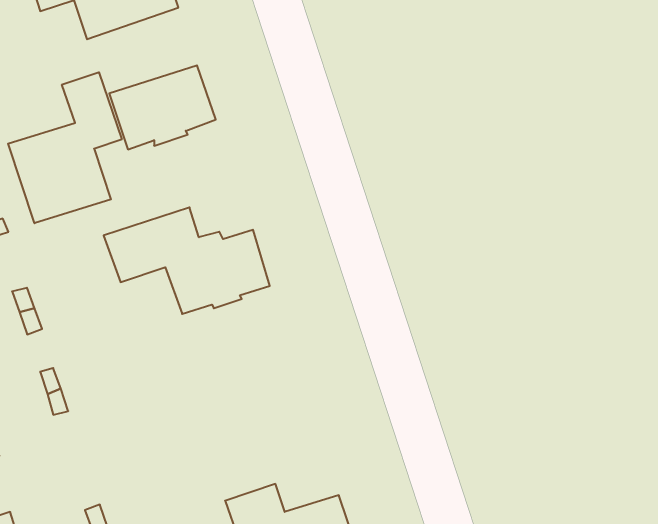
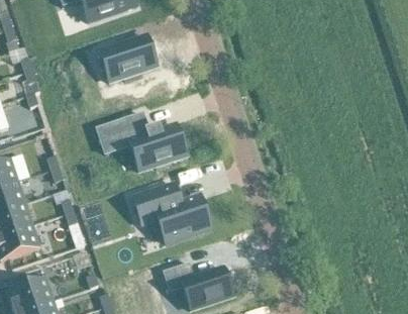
building: [8,72,122,223] -> none
building: none -> [133,184,211,243]

